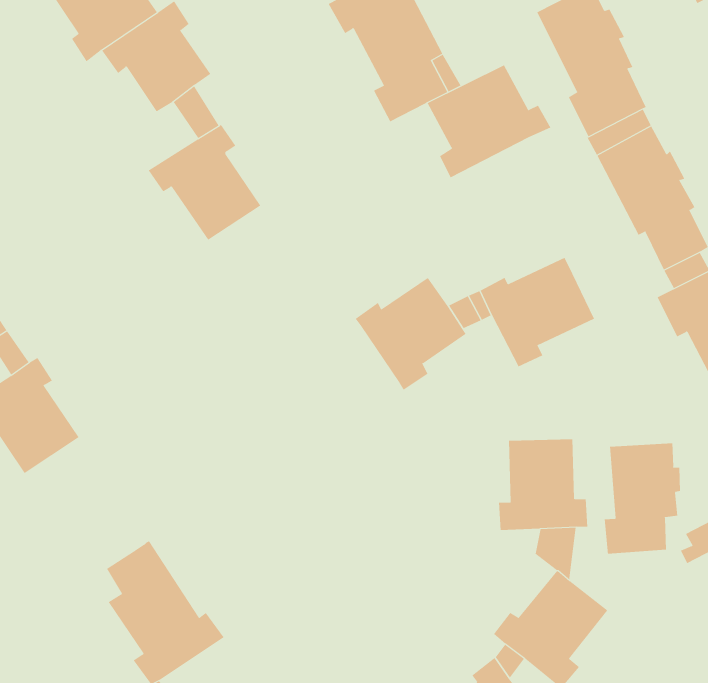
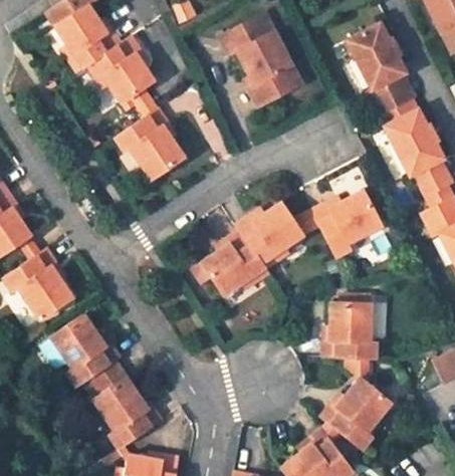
building: [427,64,551,178] -> none
building: none -> [204,230,270,296]
building: [604,443,681,555] -> none
building: none -> [49,313,118,387]

